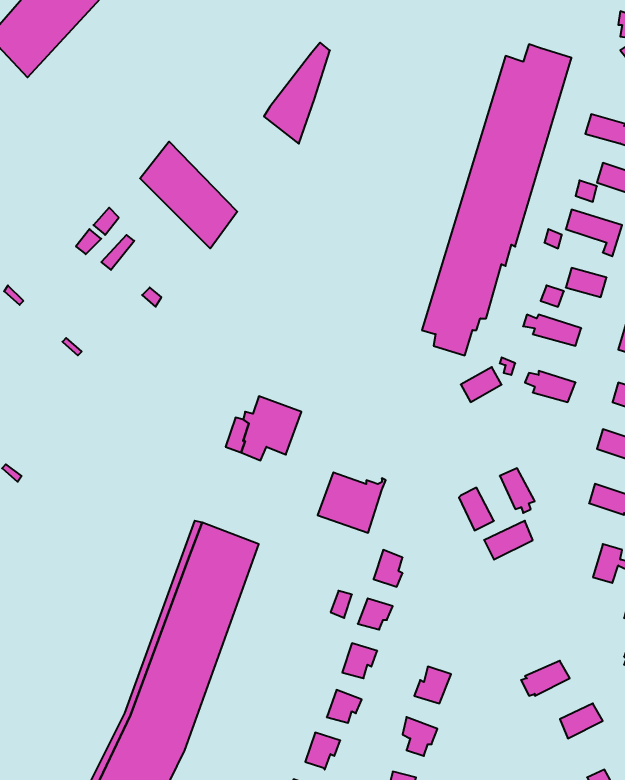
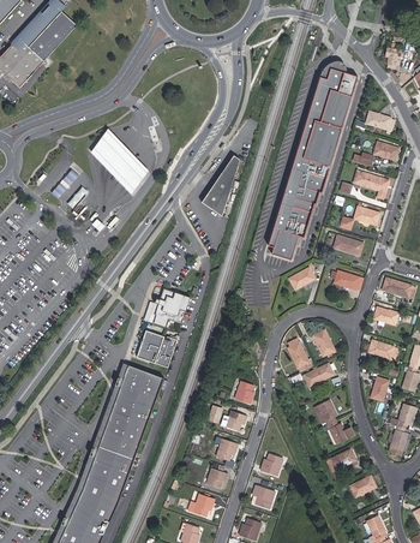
building: [264,43,330,144] -> [202,159,242,221]
building: [318,472,386,533] -> [137,328,179,365]
building: none -> [314,400,354,443]

